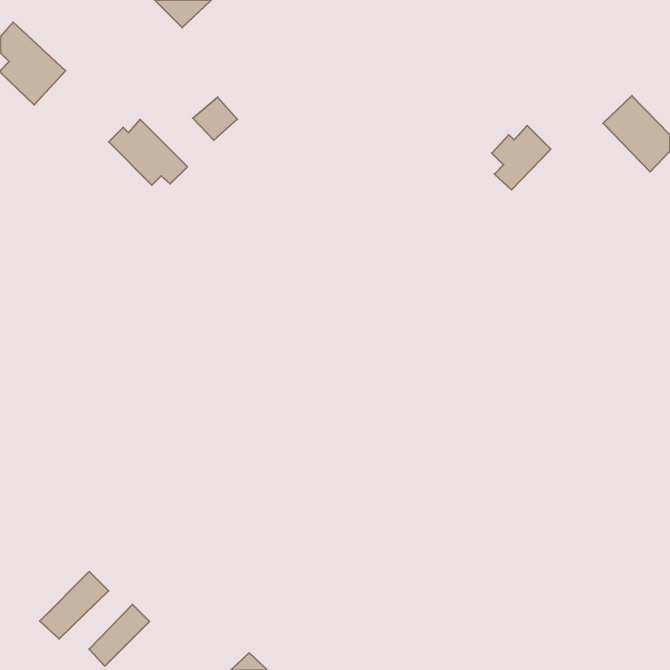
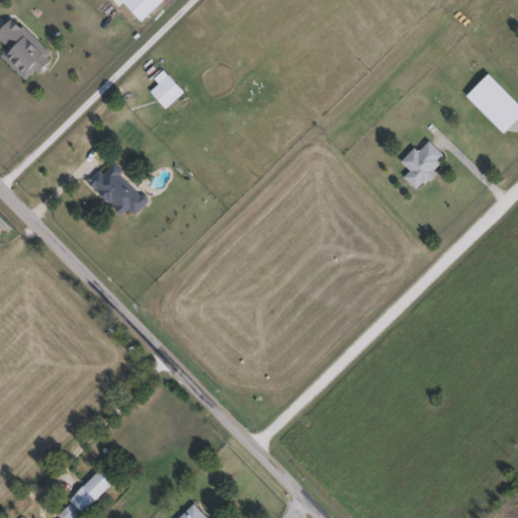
building: [109,120,187,185] -> [87,164,148,214]
building: [492,126,551,190] -> [401,140,446,189]
building: [40,572,109,639] -> none

